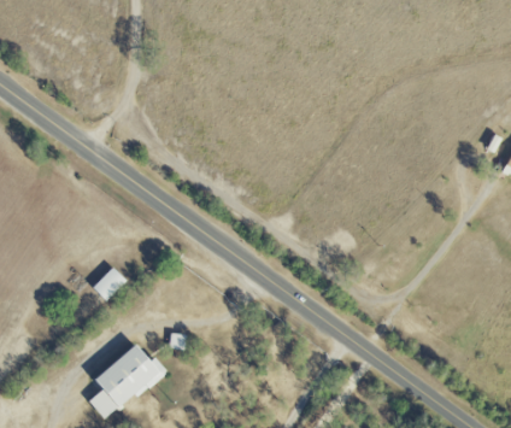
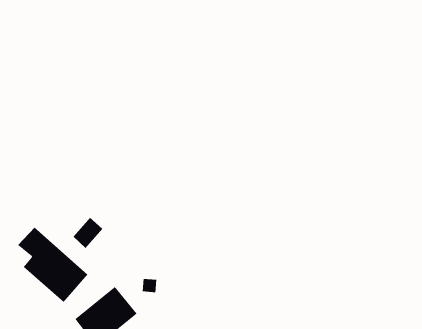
building: none -> [17,227,88,303]

